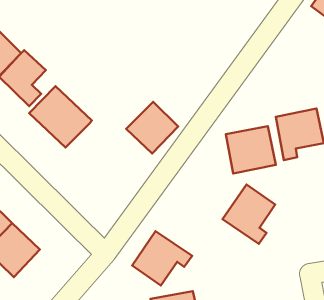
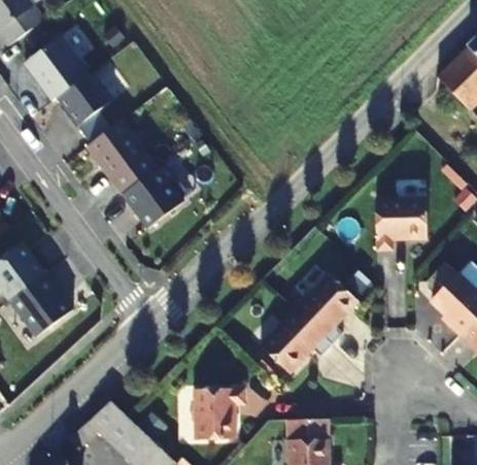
building: [126,102,178,154] -> [122,168,183,229]
building: [226,126,276,173] -> none
building: [132,231,192,285] -> [259,309,331,374]

